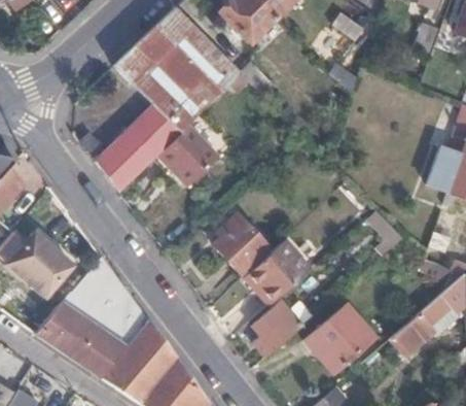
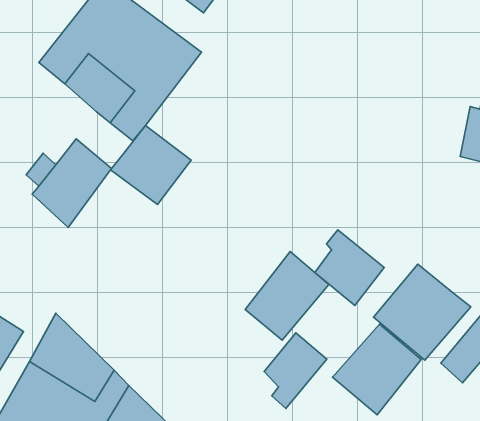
building: [136,107,179,153] -> none
building: [213,213,266,273] -> [315,230,384,306]
building: none -> [373,264,471,360]

